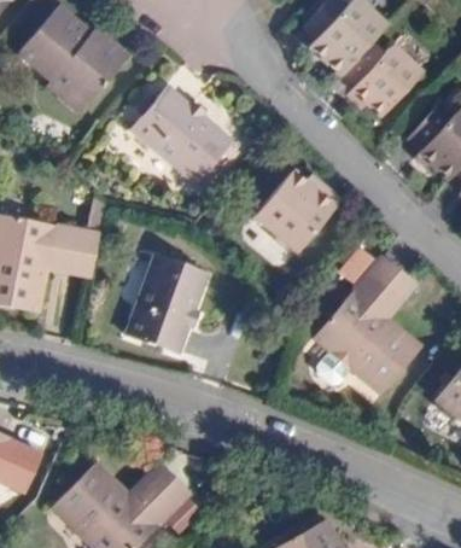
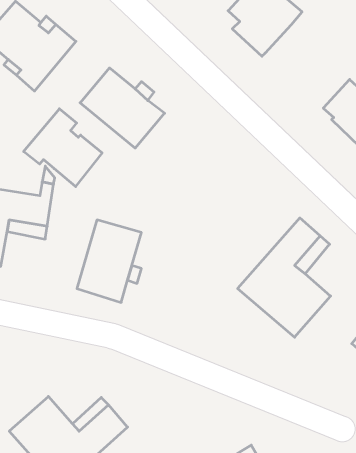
building: [343,36,420,110] -> none
building: none -> [24,109,102,187]
building: [253,164,350,257] -> none

